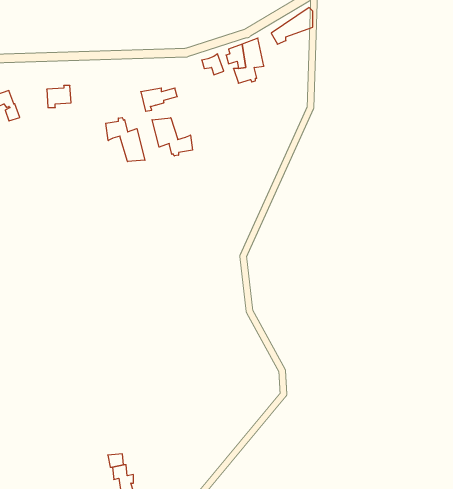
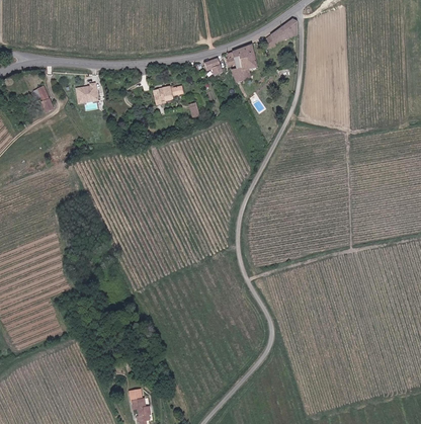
building: [106,118,145,162] -> none
building: [152,118,192,156] -> none

